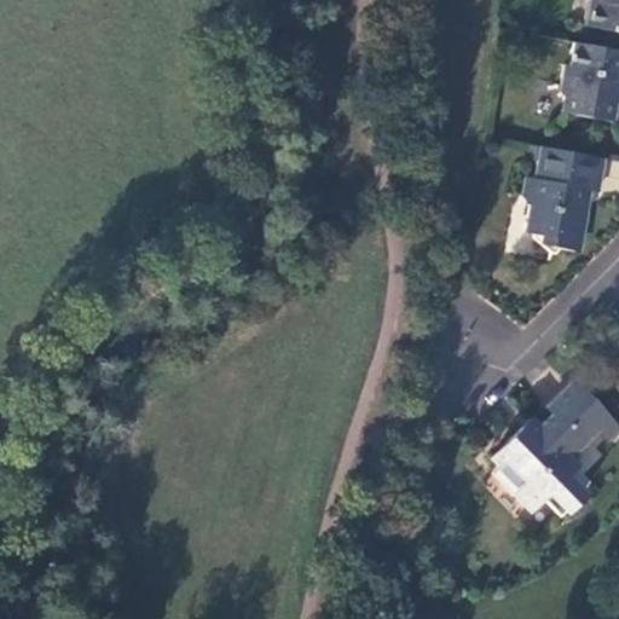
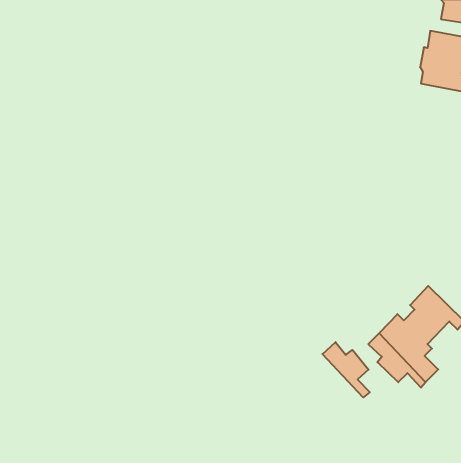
building: [527,145,606,250] -> none
building: none -> [322,342,370,397]

